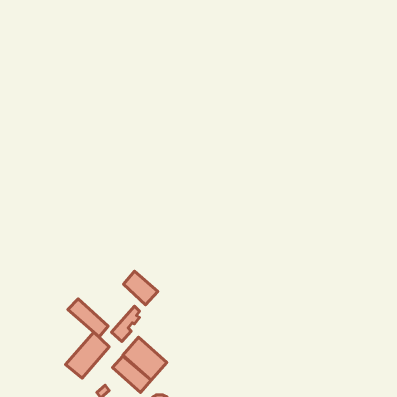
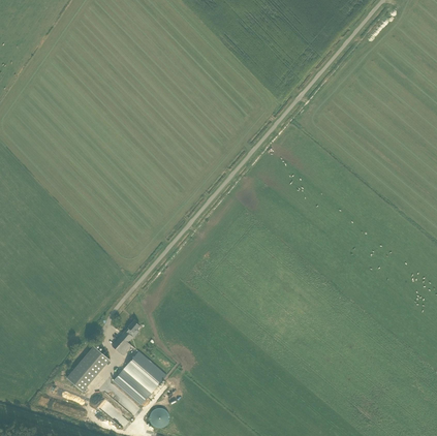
building: [123,271,158,305] -> none
building: [68,299,108,337] -> none

